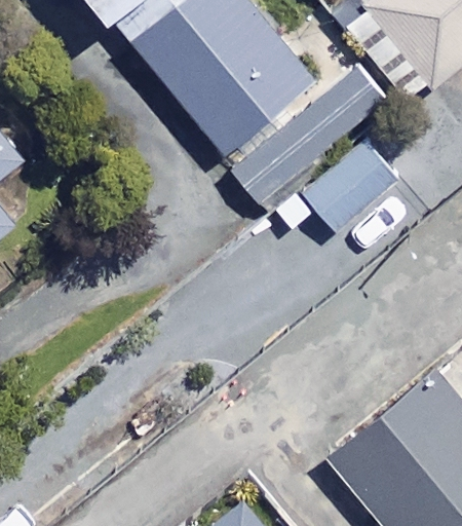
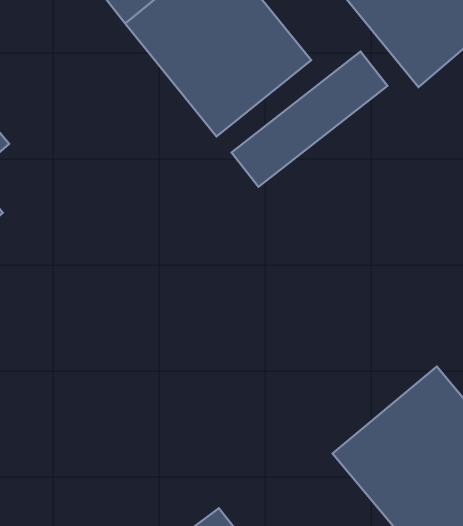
building: [274,135,400,231] -> none

